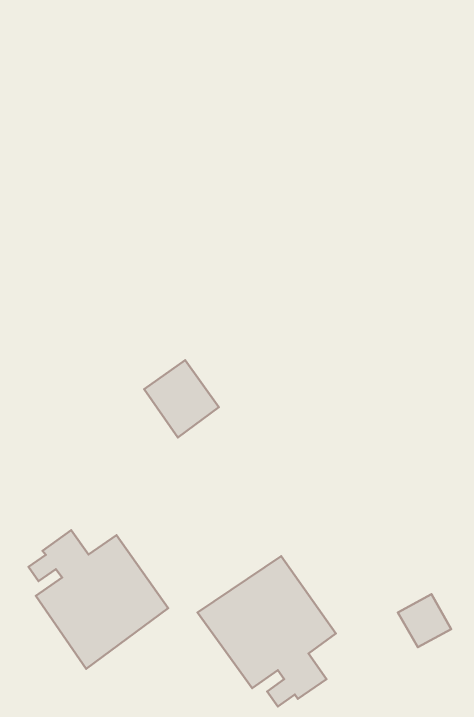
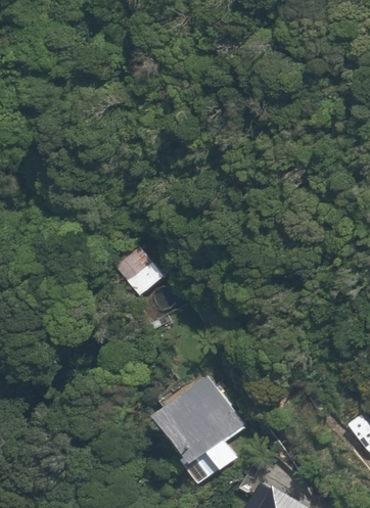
building: [28,530,168,669] -> none

